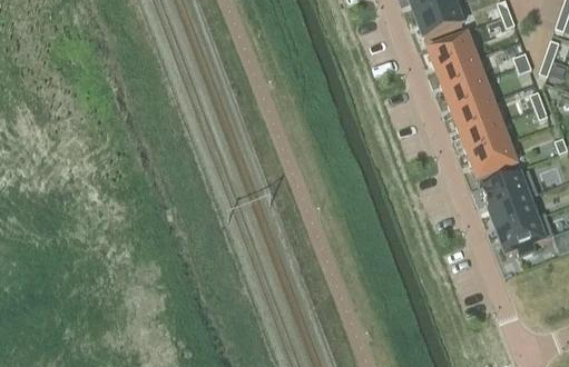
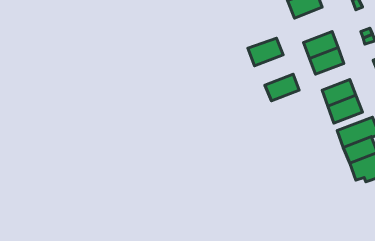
building: [429,34,475,71] -> [248,38,283,66]
building: [453,99,499,135] -> [265,74,299,101]

